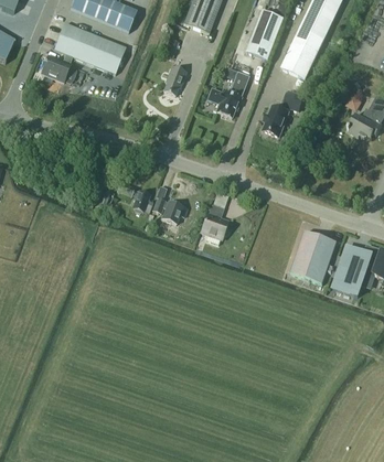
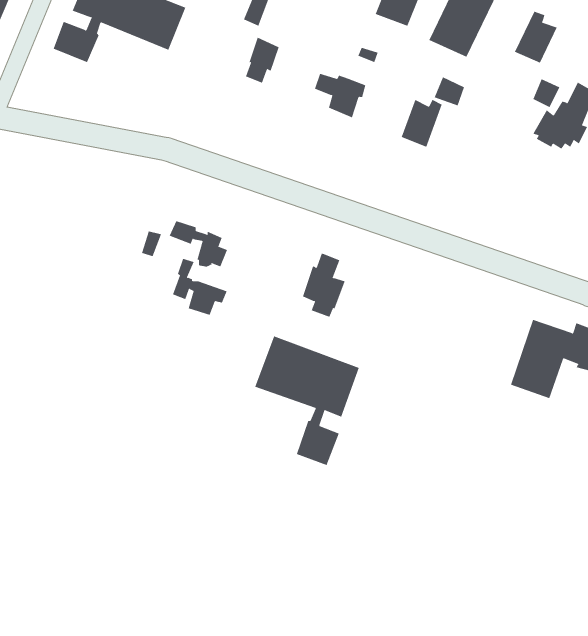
building: none -> [514,11,558,64]
building: [152,186,188,223] -> [172,258,228,315]
building: [290,230,337,283] -> none
building: none -> [255,335,359,466]

